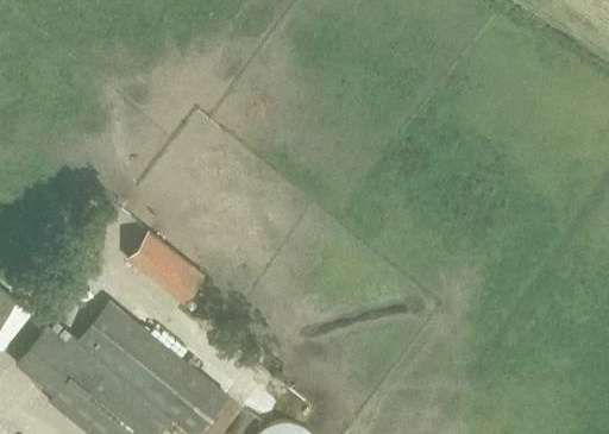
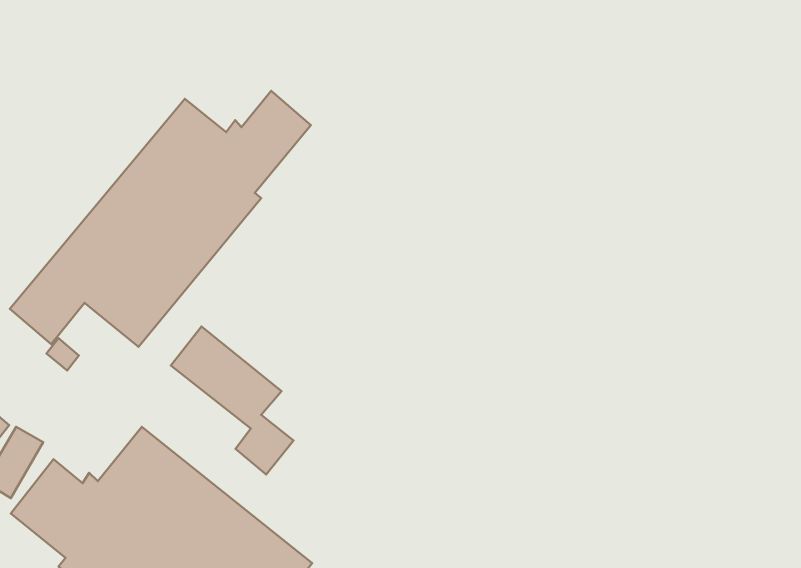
building: none -> [10,91,311,347]

